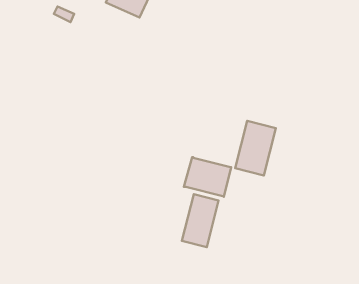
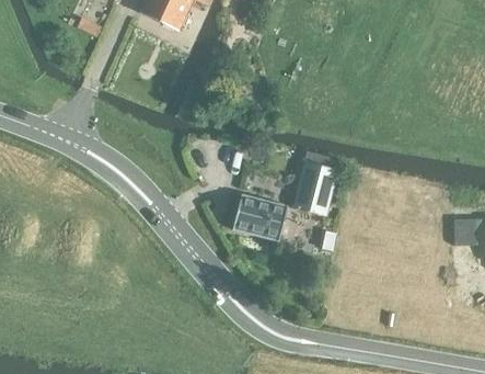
building: [182,194,219,247] -> none

